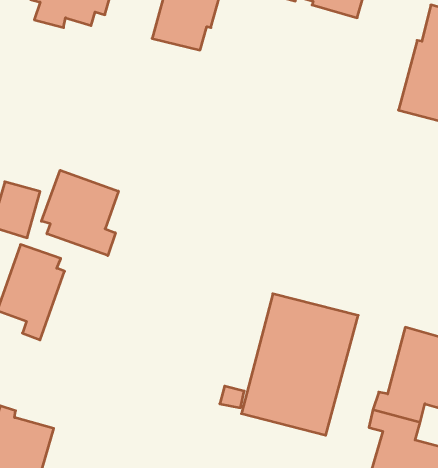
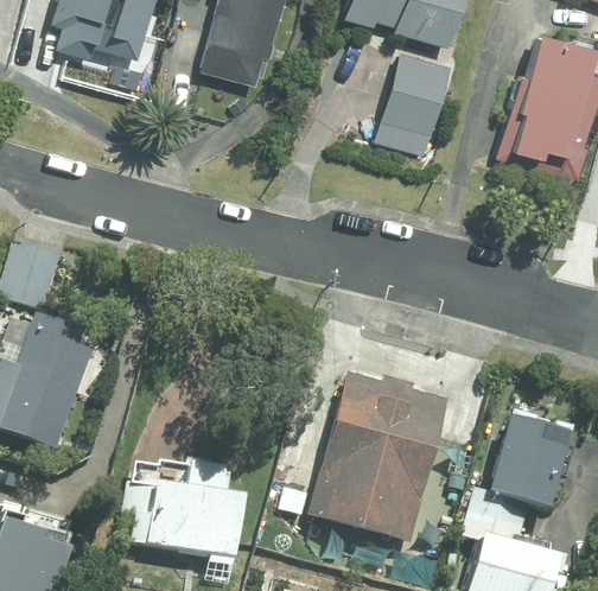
building: none -> [376,51,451,154]
building: [41,170,118,256] -> none
building: none -> [128,458,256,559]

